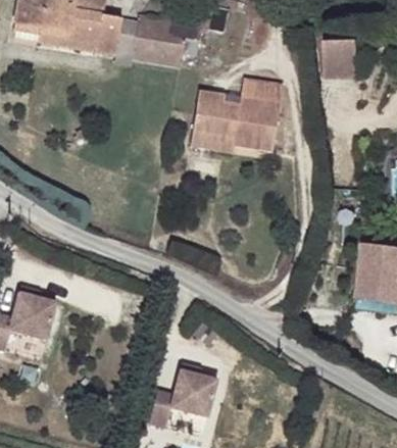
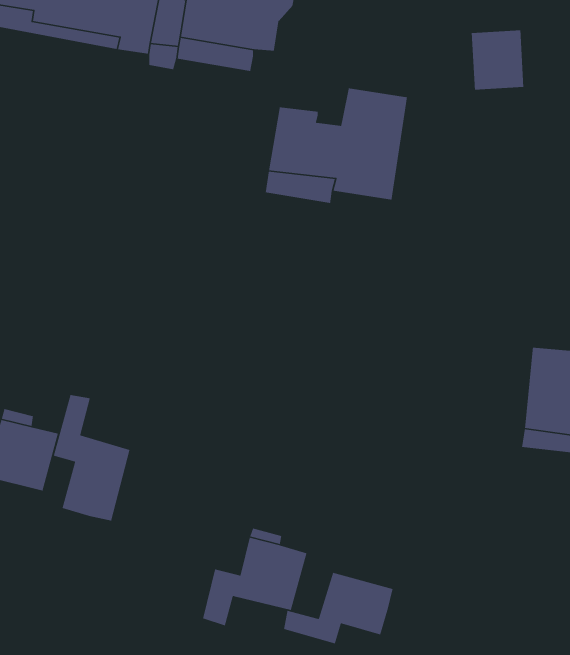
building: none -> [53,394,131,522]
building: none -> [283,572,394,644]

